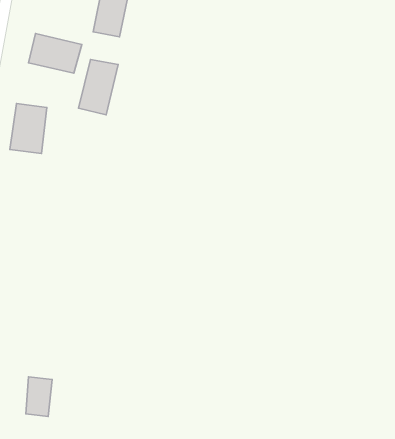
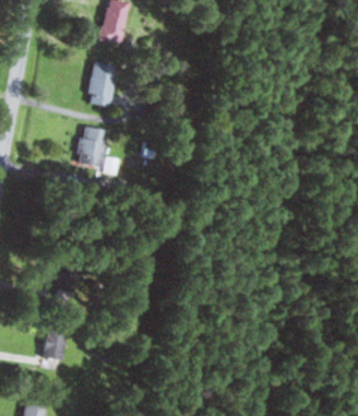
building: [29,34,82,73] -> none
building: [10,104,47,154] -> [76,127,107,168]

